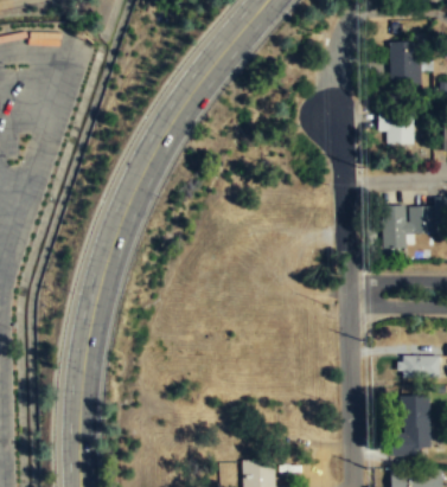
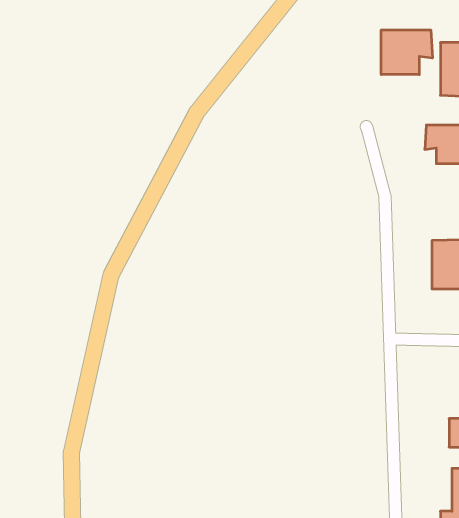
building: none -> [381,30,432,75]

